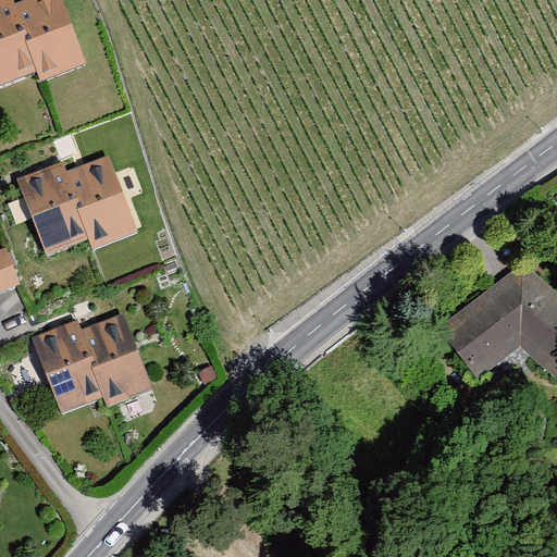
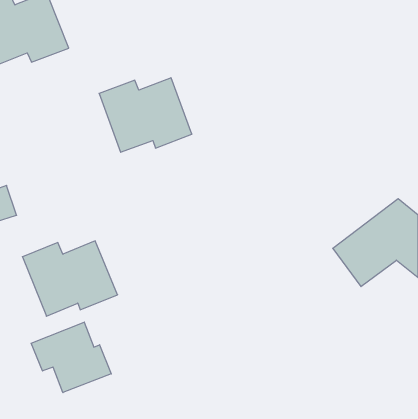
building: [16,159,138,257] -> [99,78,192,152]
building: none -> [31,322,111,393]

